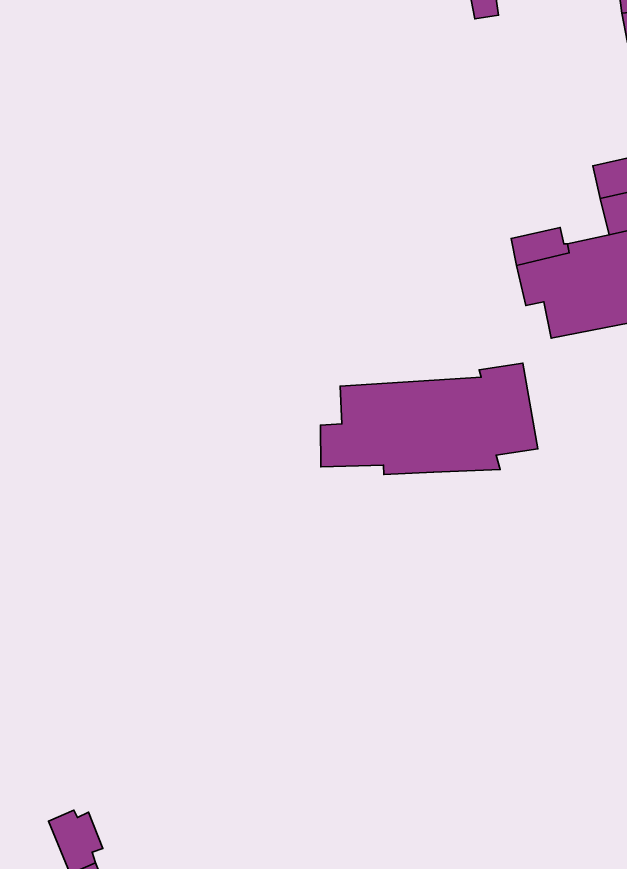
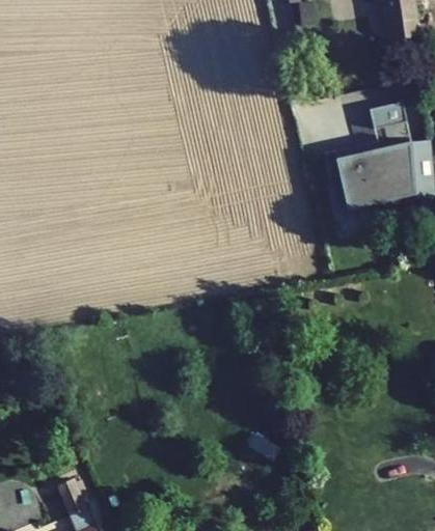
building: [320,363,538,475] -> none

